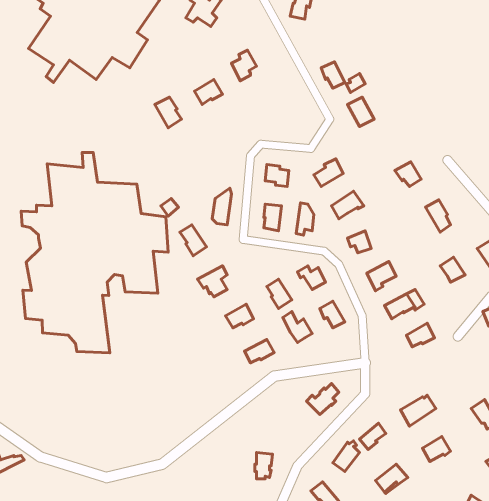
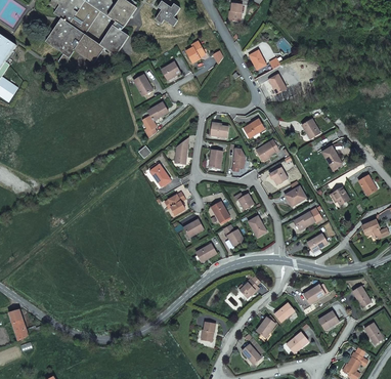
building: none -> [141,101,167,137]
building: [21,153,168,353] -> none

